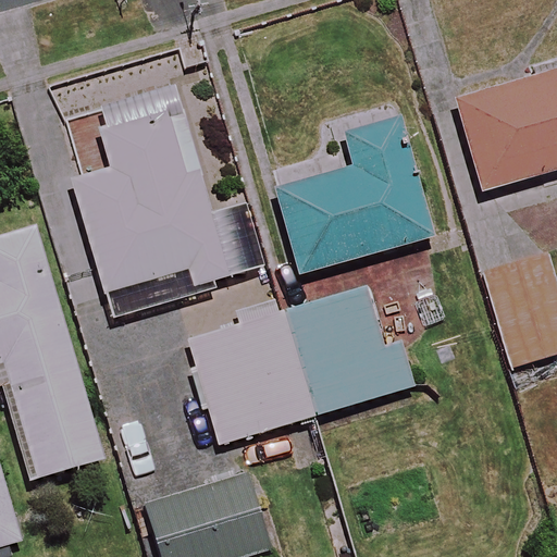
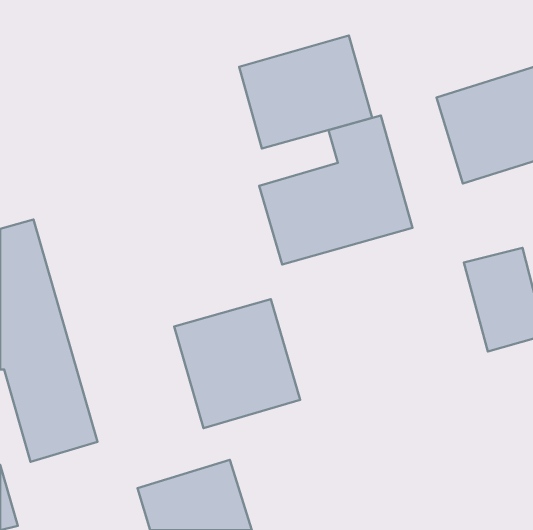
building: none -> [239,36,372,149]
building: [72,100,261,317] -> none
building: [284,270,438,414] -> none

